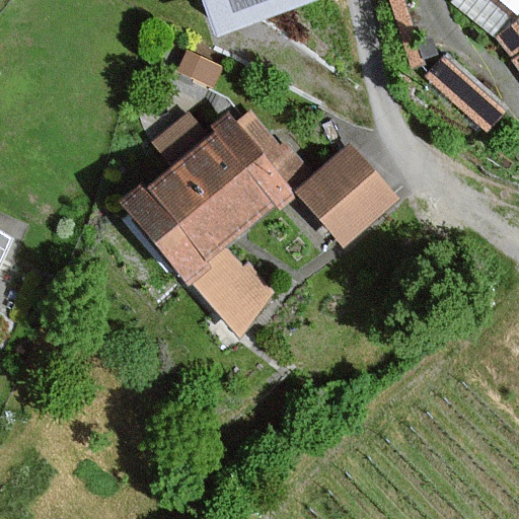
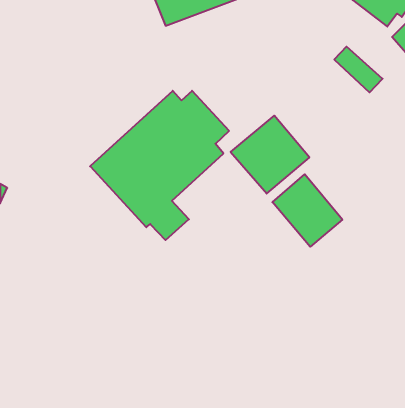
building: none -> [272,174,342,247]

